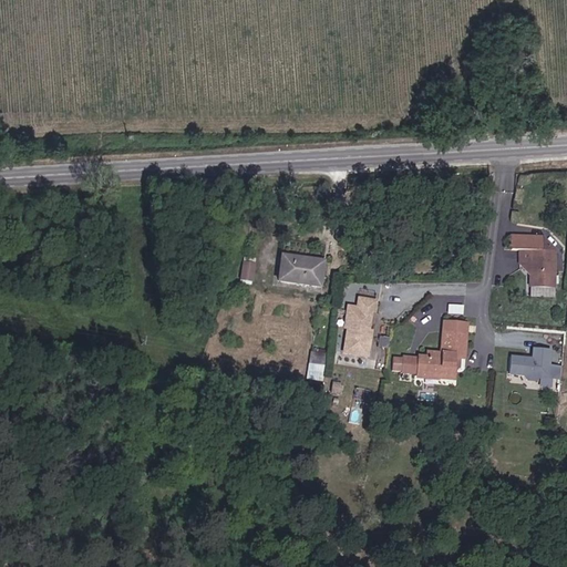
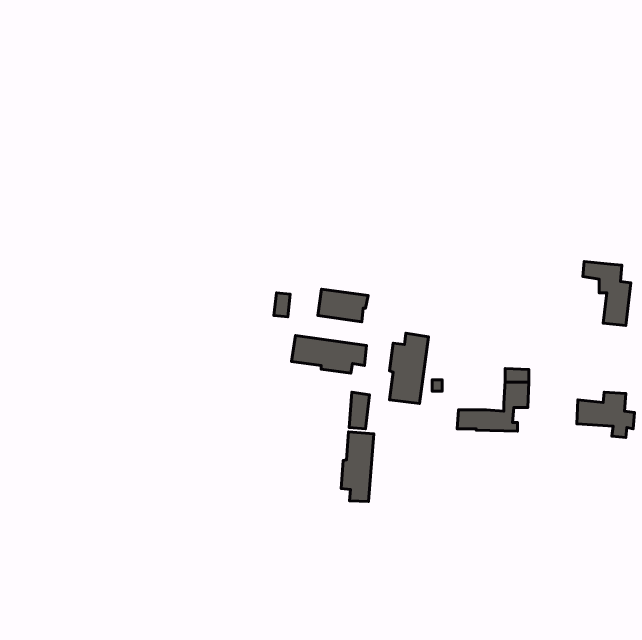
building: none -> [291,335,367,373]
building: none -> [341,432,374,501]

